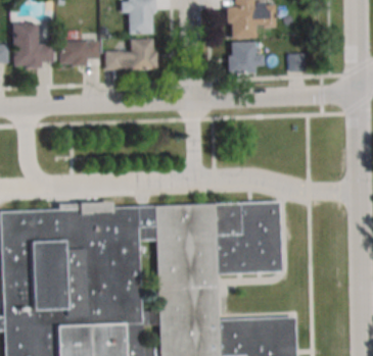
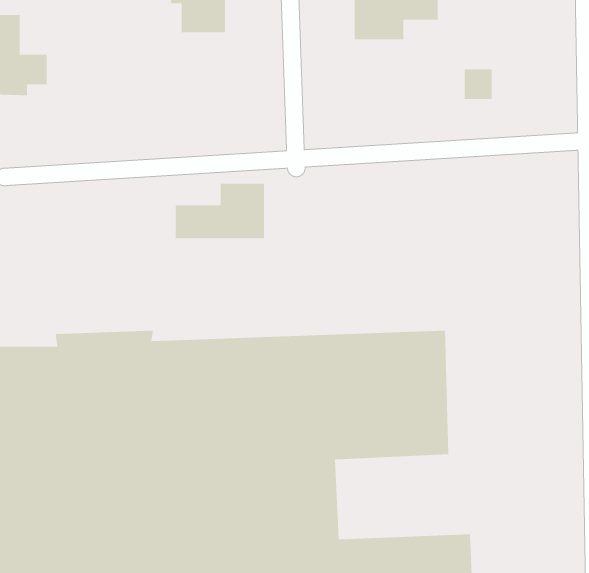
building: [104,38,155,69] -> [175,183,265,239]
building: [59,40,99,65] -> none
building: [228,41,259,72] -> none

